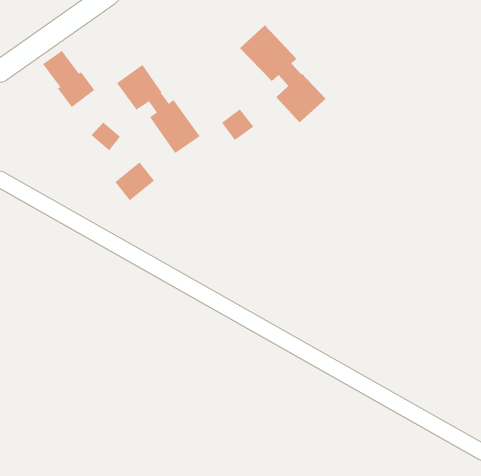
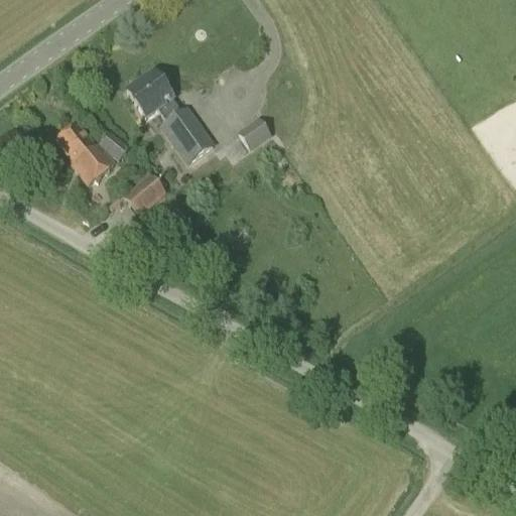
building: [239,24,326,123] -> none
building: [42,50,95,108] -> [55,124,112,185]

